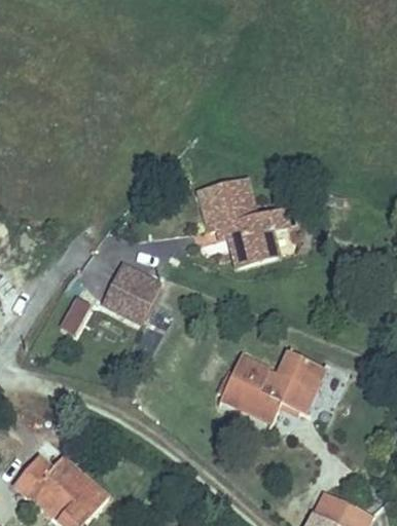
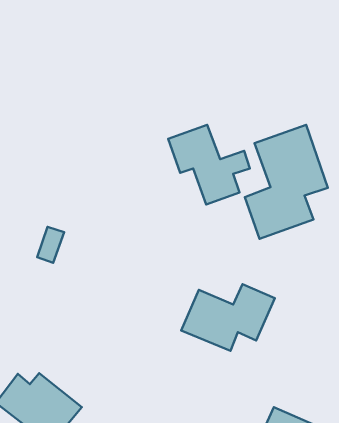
building: none -> [245,125,328,239]
building: [108,269,161,309] -> none

